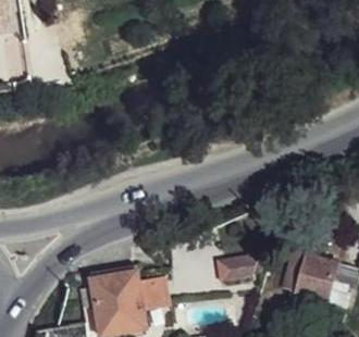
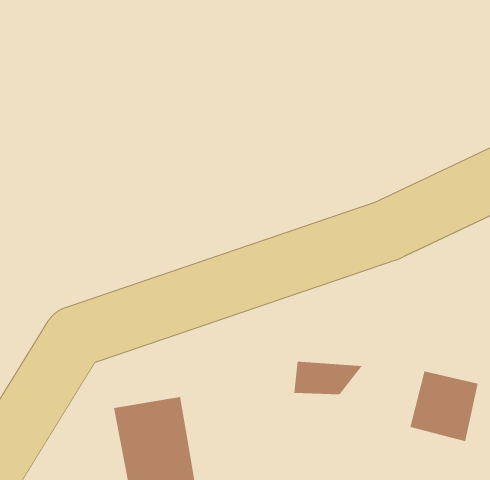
building: [137,267,170,310] -> none

